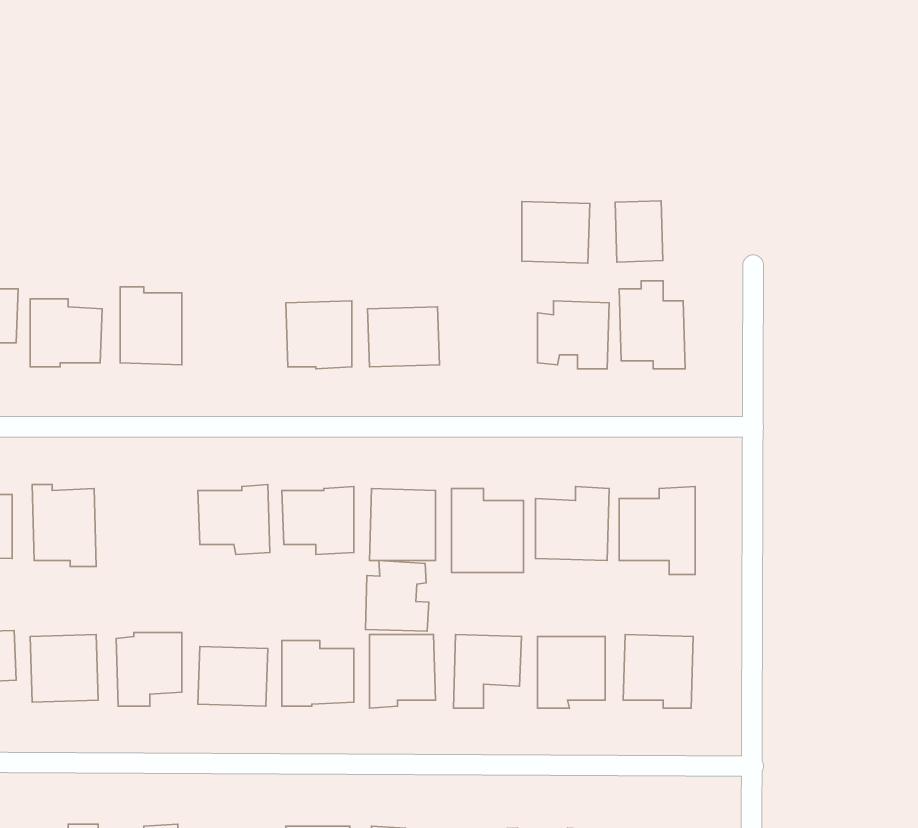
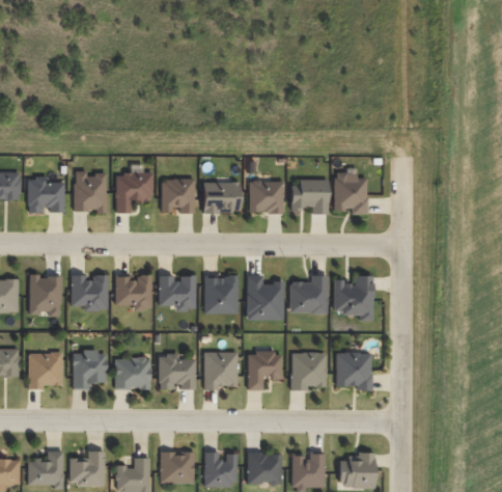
building: [615,201,663,262] -> none
building: [522,201,590,263] -> [248,181,283,213]
building: none -> [115,165,151,213]
building: none -> [71,274,108,310]
building: [366,561,429,631] -> none

